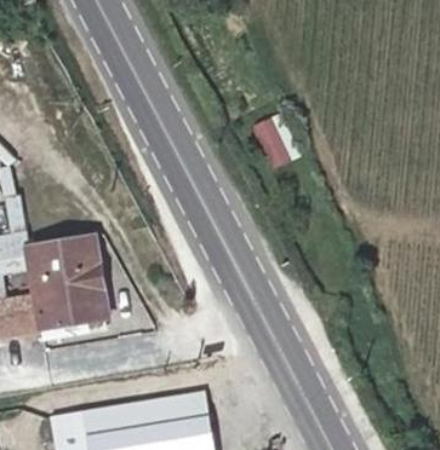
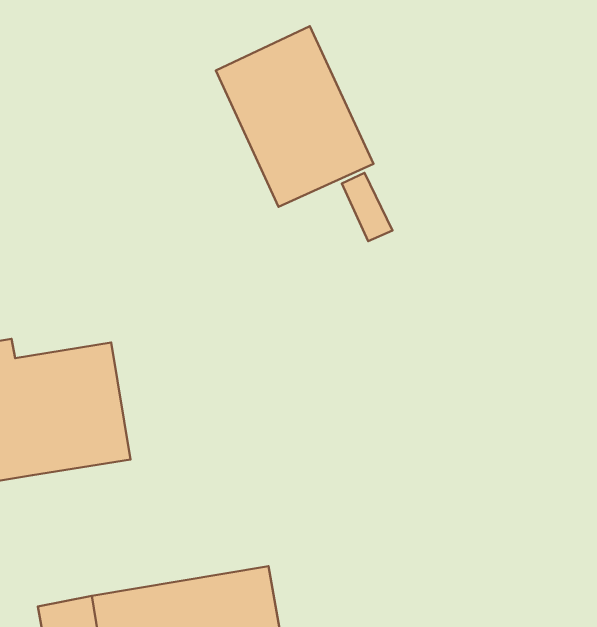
building: none -> [216,26,373,207]

